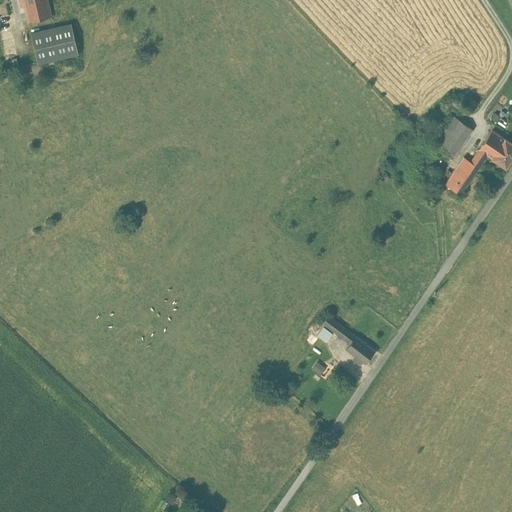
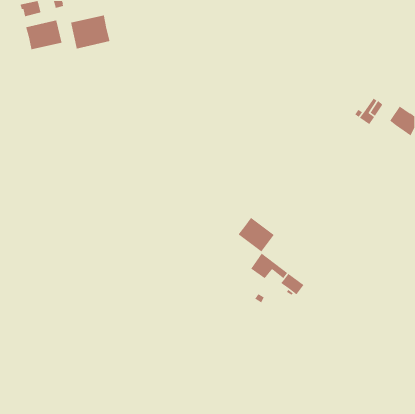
building: none -> [70,14,111,49]
building: [445,150,487,195] -> none
building: none -> [237,217,275,252]

